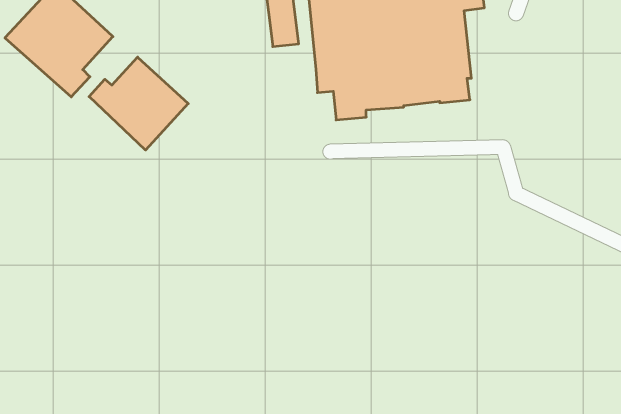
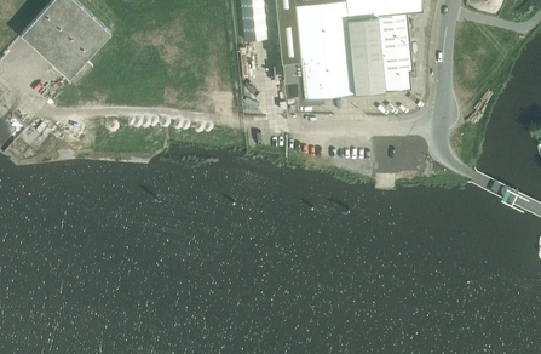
building: [89,57,188,150] -> none

